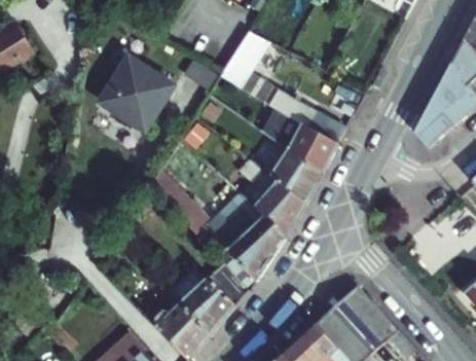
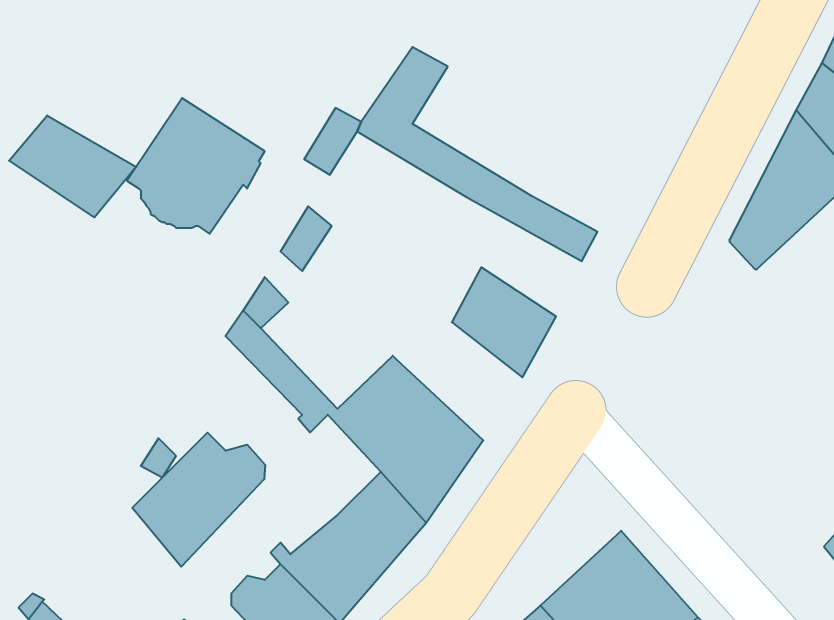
building: none -> [9,115,136,217]
building: [263,110,338,173] -> none
building: [241,170,306,238] -> none
building: none -> [132,433,265,567]

